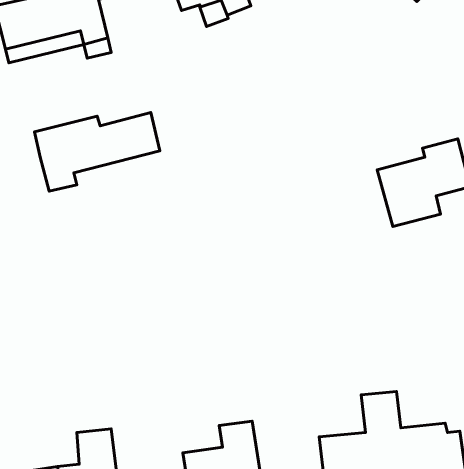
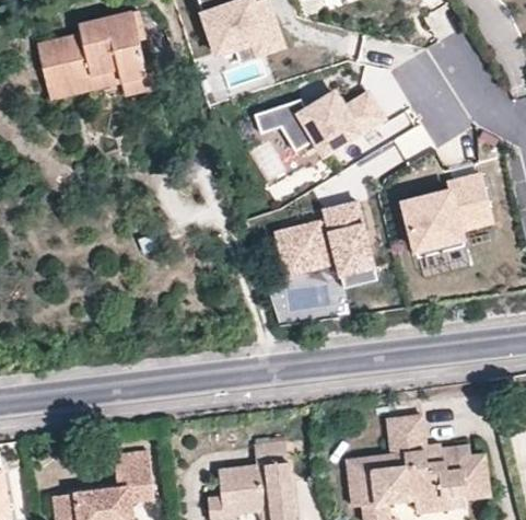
building: none -> [255,91,383,152]
building: [35,112,160,191] -> none
building: none -> [273,200,370,281]

